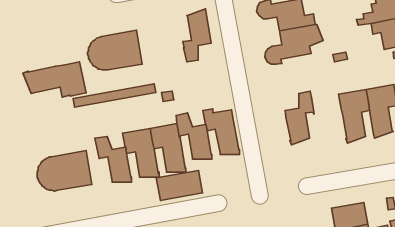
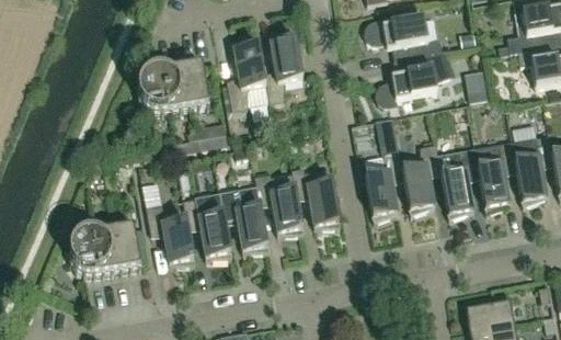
building: none -> [227,36,270,109]
building: [23,62,86,97] -> none
building: none -> [438,145,480,217]
building: none -> [365,147,403,219]
building: [156,171,203,201] -> none

